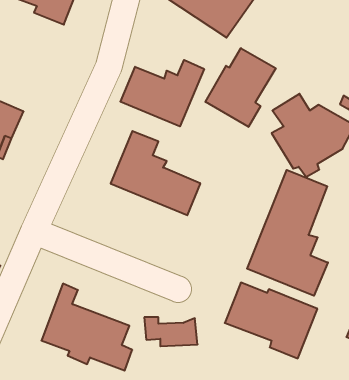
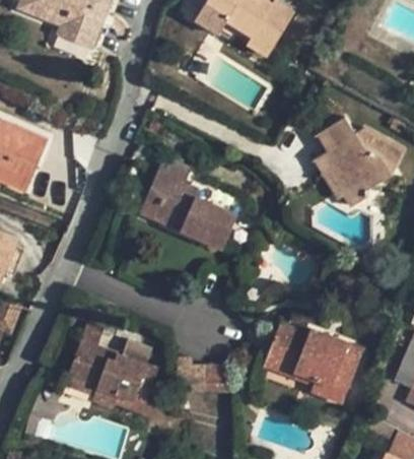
building: [205,48,276,127] -> none
building: [120,60,204,126] -> none
building: [247,170,328,296] -> none

